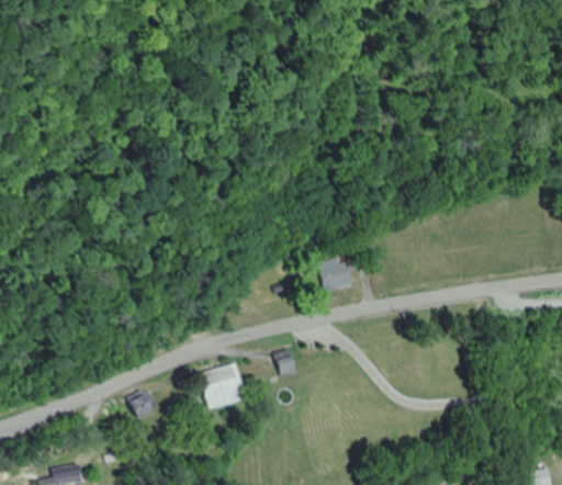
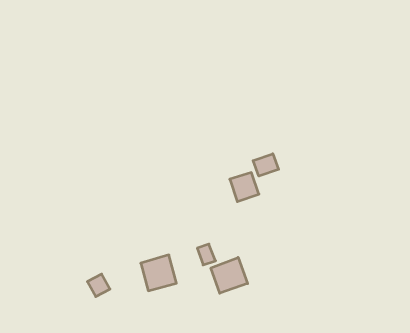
building: none -> [253,154,279,176]
building: none -> [211,257,248,293]

